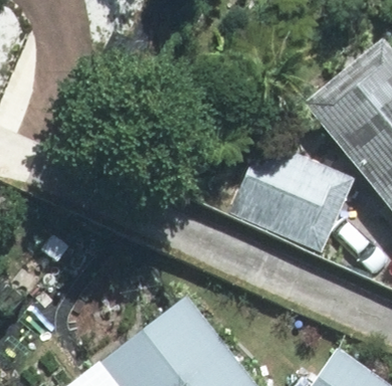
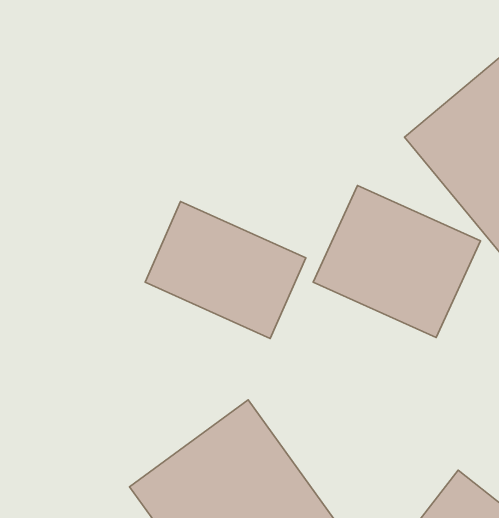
building: none -> [145,202,306,339]

